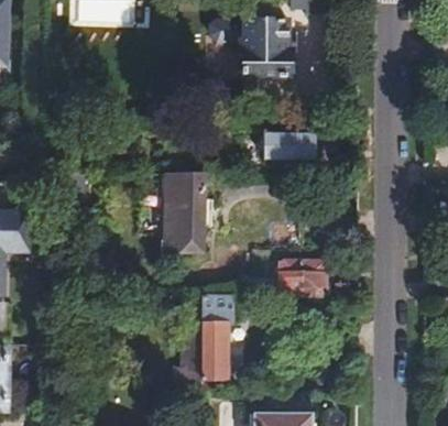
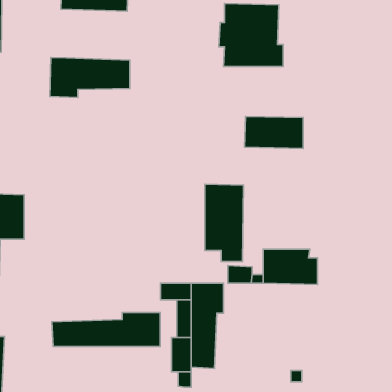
building: none -> [50,57,130,97]
building: [167,174,206,251] -> [205,184,243,262]
building: none -> [52,312,160,347]

